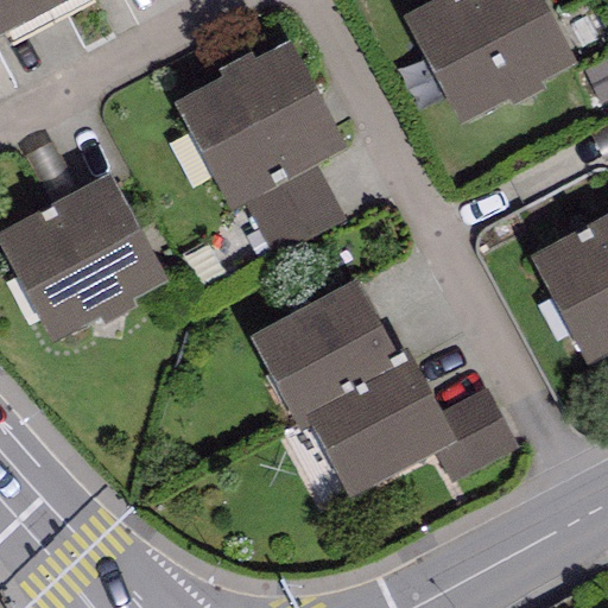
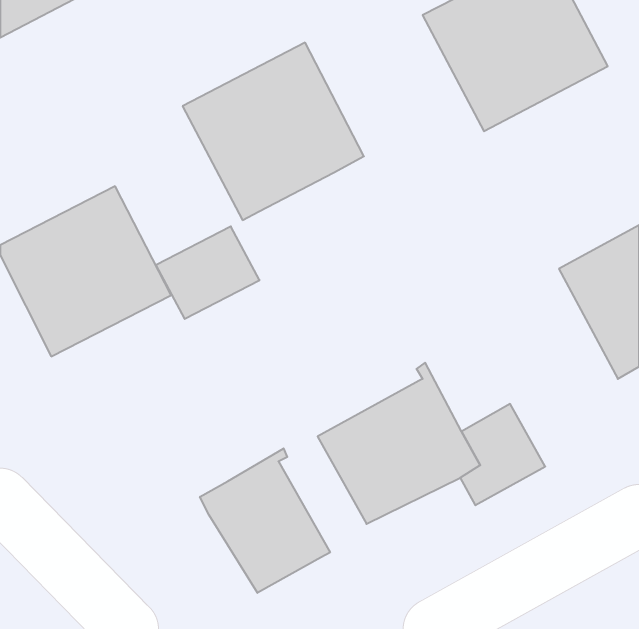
building: [246,164,344,252] -> [156,226,260,319]
building: [249,277,401,429] -> none
building: none -> [200,448,330,593]

